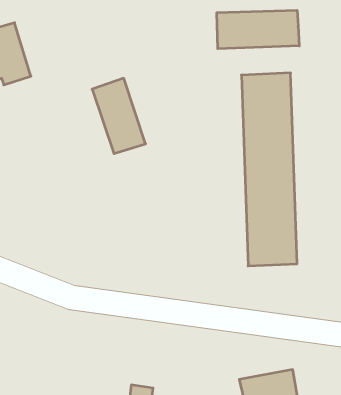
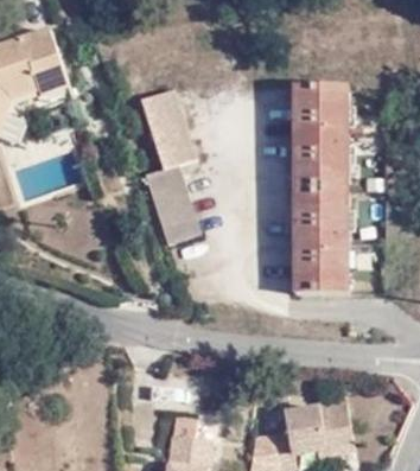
building: [217,10,299,49] -> none
building: none -> [134,164,192,246]

